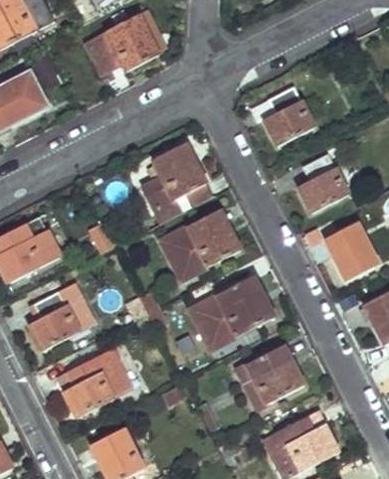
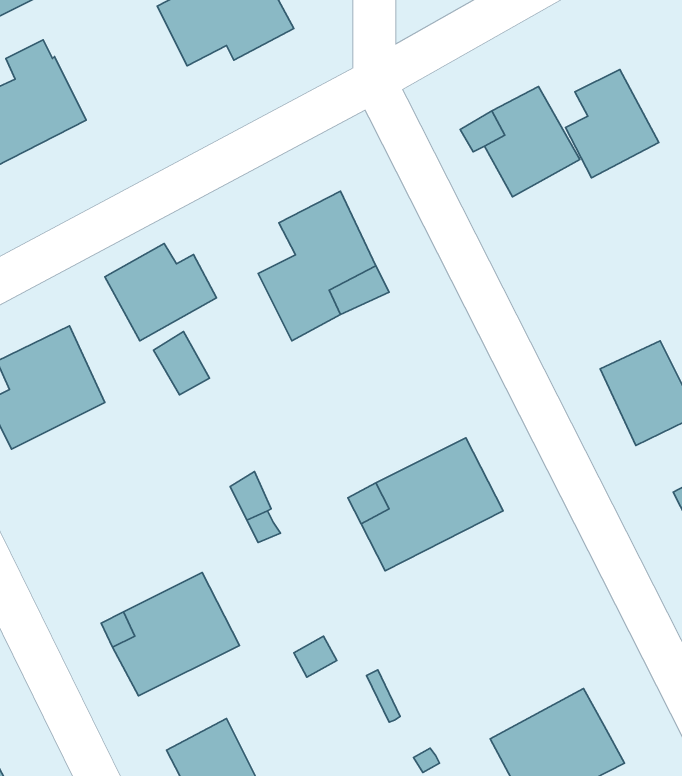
building: [299,154,349,212] -> [565,69,659,178]
building: none -> [105,243,217,341]
building: [161,209,240,280] -> none
building: [30,284,93,349] -> none
building: [238,344,305,408] -> none

